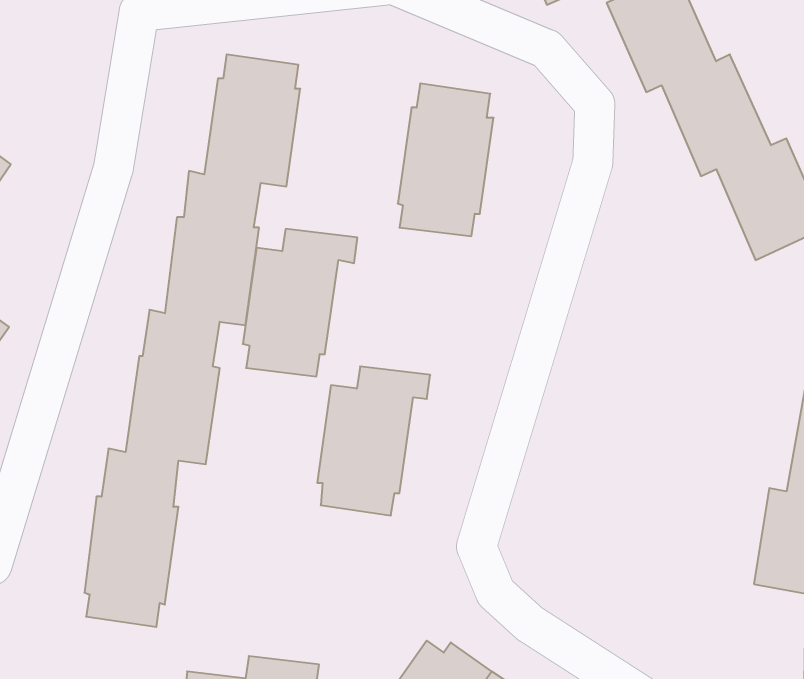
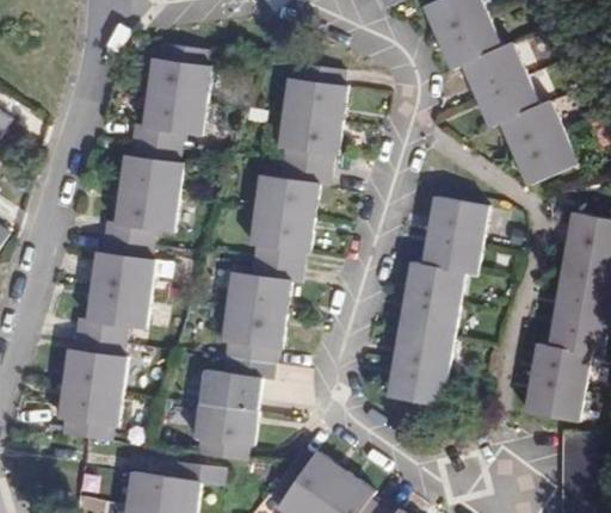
building: [243,229,357,376] -> [249,163,329,266]
building: none -> [388,198,486,406]
building: none -> [195,357,273,461]

